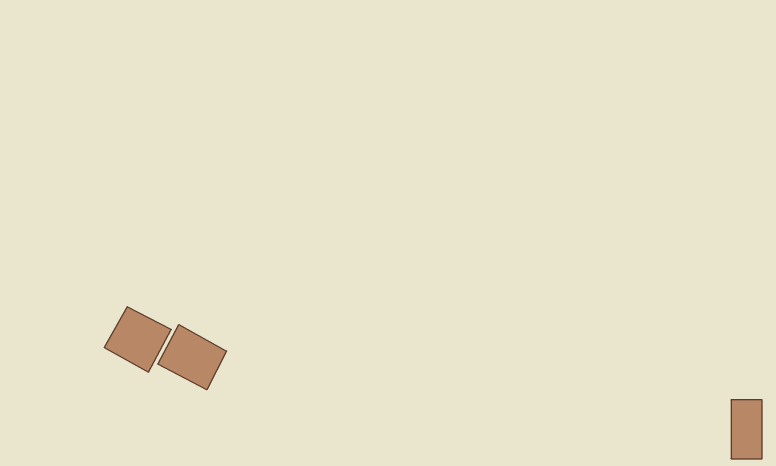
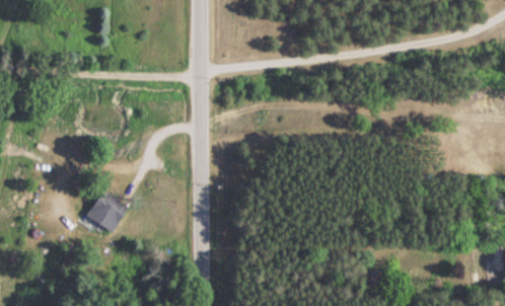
building: [158,325,227,390] -> none

